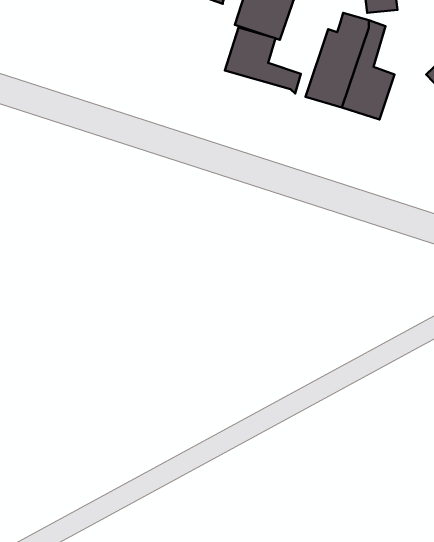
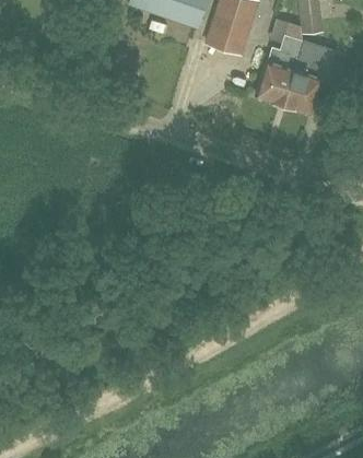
building: [225,28,301,93] -> none

